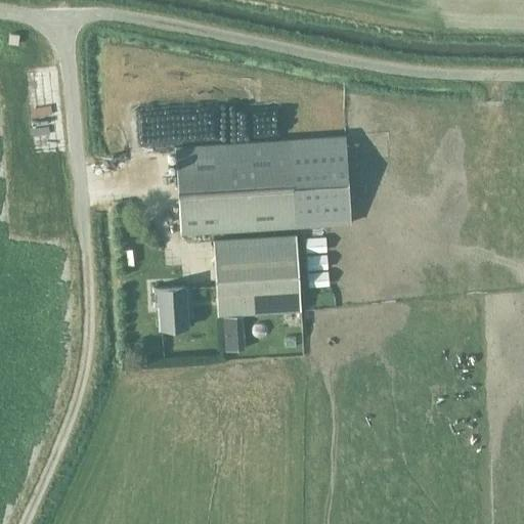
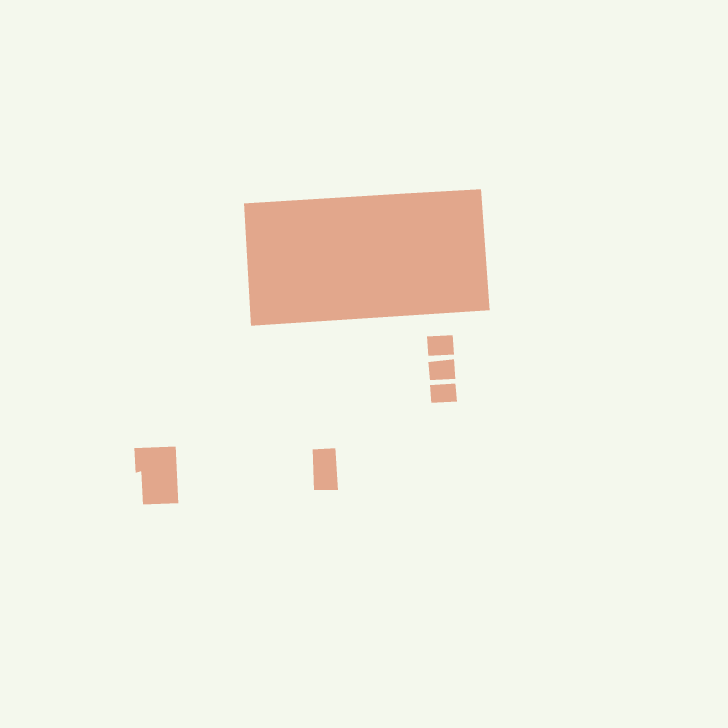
building: [214,236,302,316] -> none
building: [156,288,188,330] -> [133,446,179,505]

